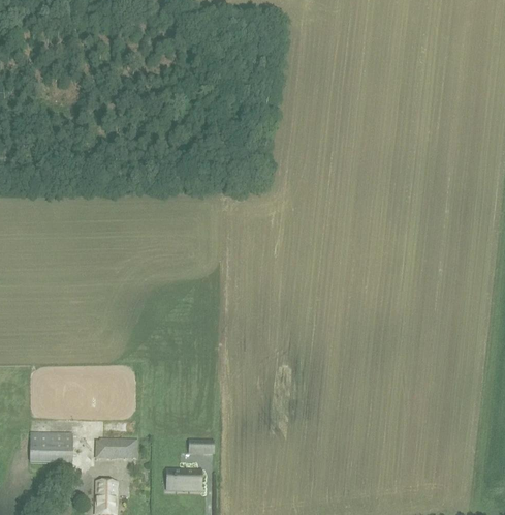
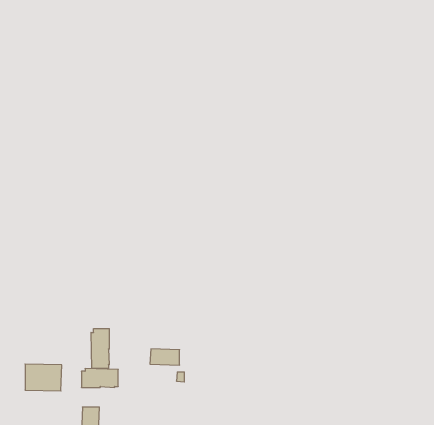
building: none -> [91,329,109,368]
building: [166,471,200,489] -> [150,349,180,365]

